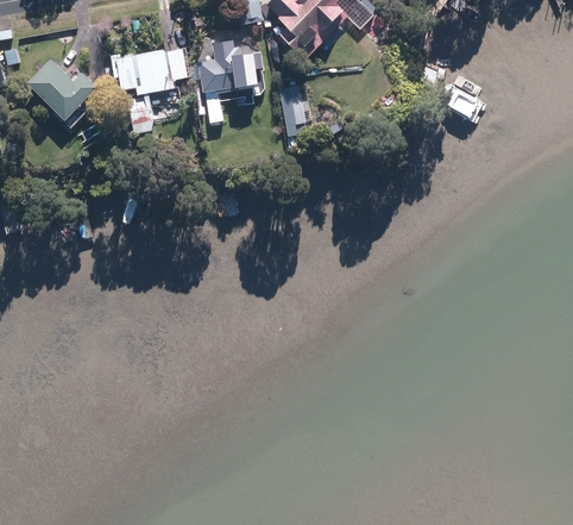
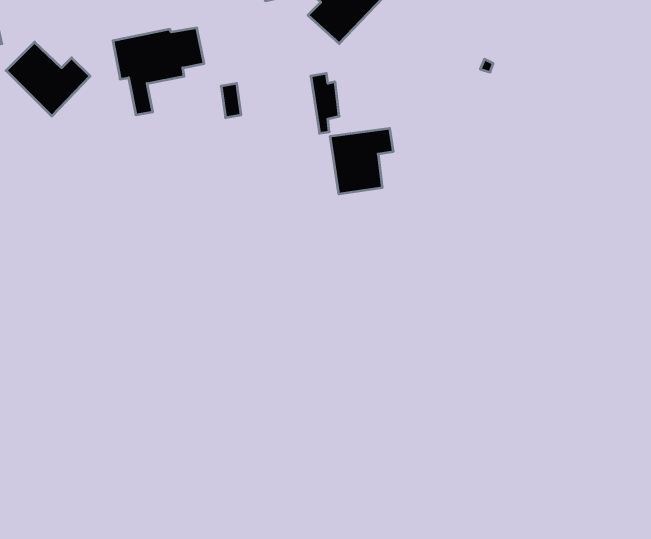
building: [196,39,262,90] -> none
building: none -> [330,128,393,194]

